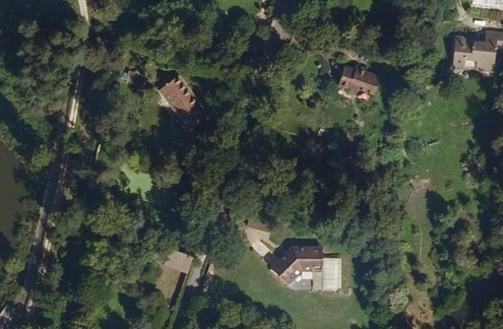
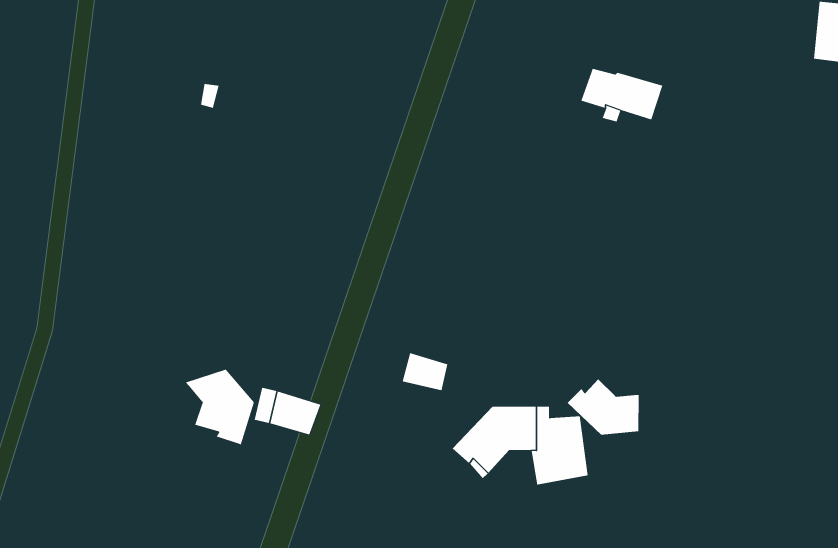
building: [158,77,200,131] -> none
building: none -> [185,369,254,445]
building: none -> [567,378,639,435]

